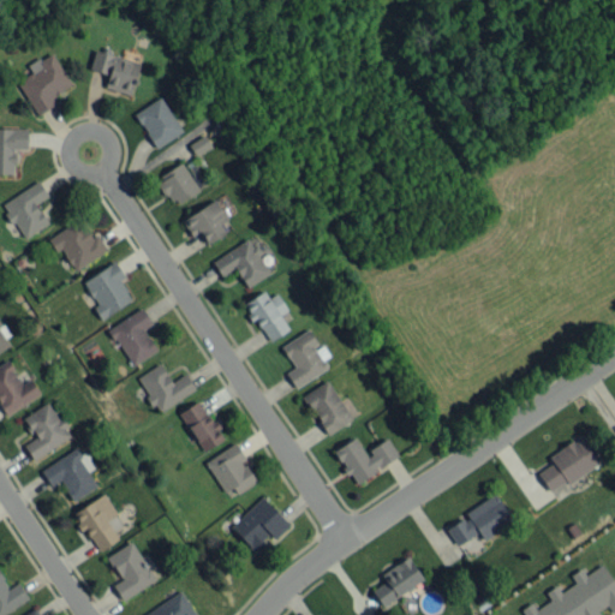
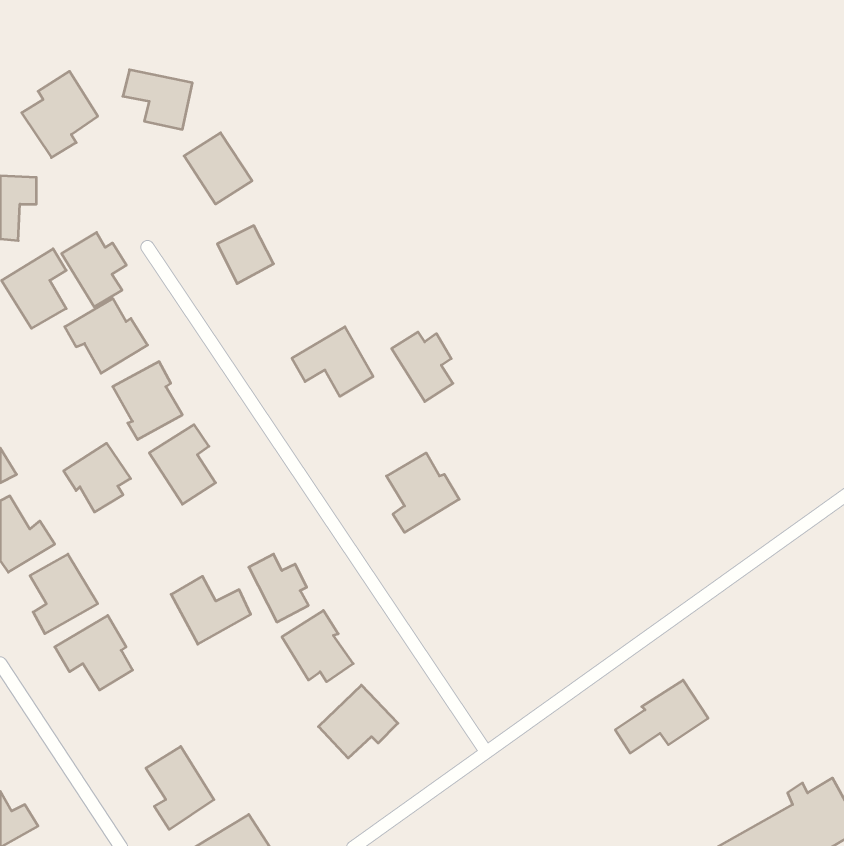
building: none -> [62,232,126,307]
building: [184,201,231,245] -> none
building: [246,292,291,342] -> [392,332,453,402]
building: none -> [64,443,131,512]
building: [139,364,197,413] -> [171,576,251,644]
building: [305,381,353,436] -> none
building: [539,436,599,494] -> none
building: [335,437,401,484] -> none
building: [76,494,120,553] -> none
building: [374,557,425,608] -> none

